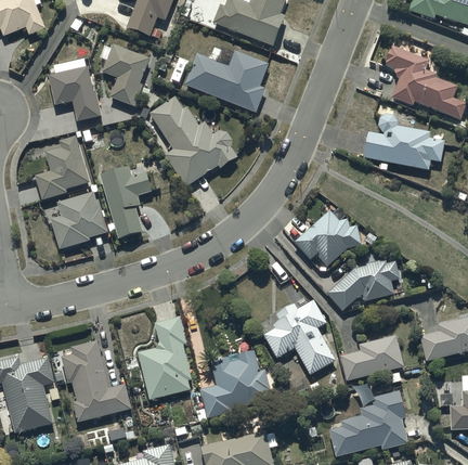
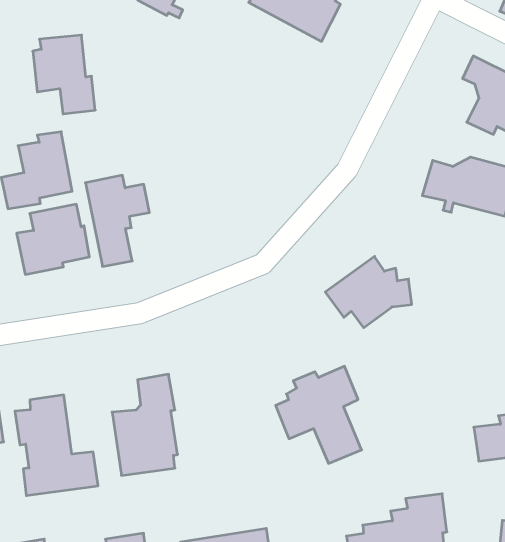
building: [100,46,148,107] -> none
building: [184,50,268,112] -> none
building: [150,98,236,188] -> none
building: [326,259,399,311] -> none
building: [340,335,403,380] -> none
building: [193,351,270,419] -> none

